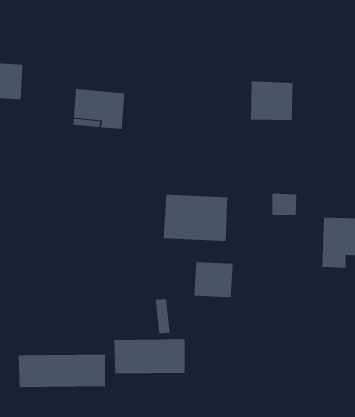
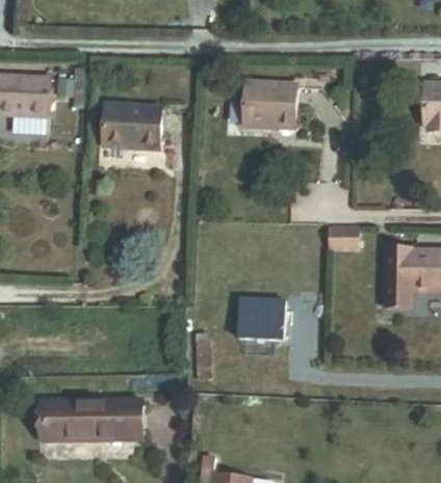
building: [250,81,294,121] -> [245,83,294,128]
building: [163,194,228,242] -> none
building: [114,339,185,374] -> none

